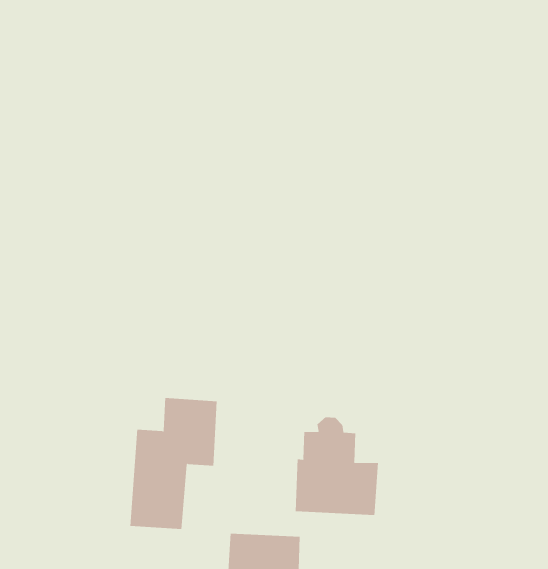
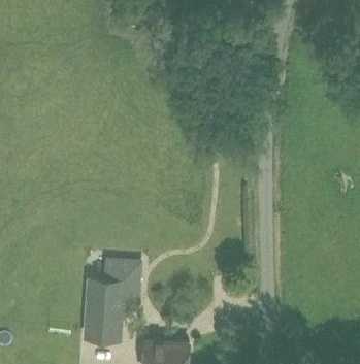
building: [295,416,379,516] -> none

